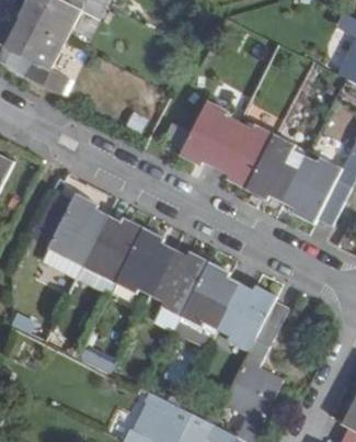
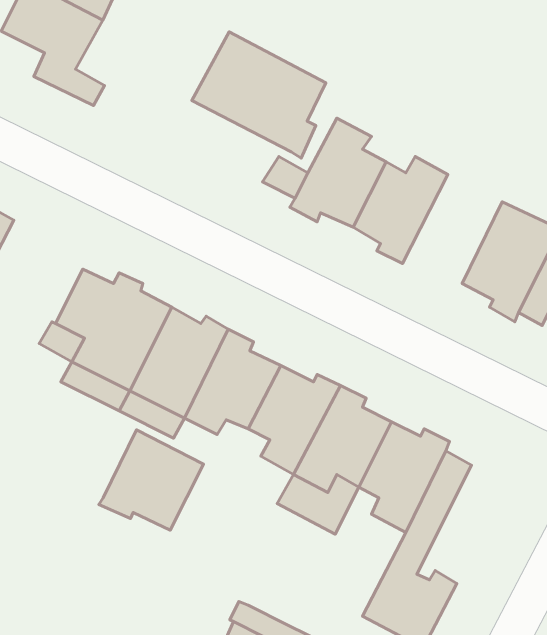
building: none -> [192,32,326,158]
building: [246,134,307,200] -> none
building: none -> [99,430,203,530]

